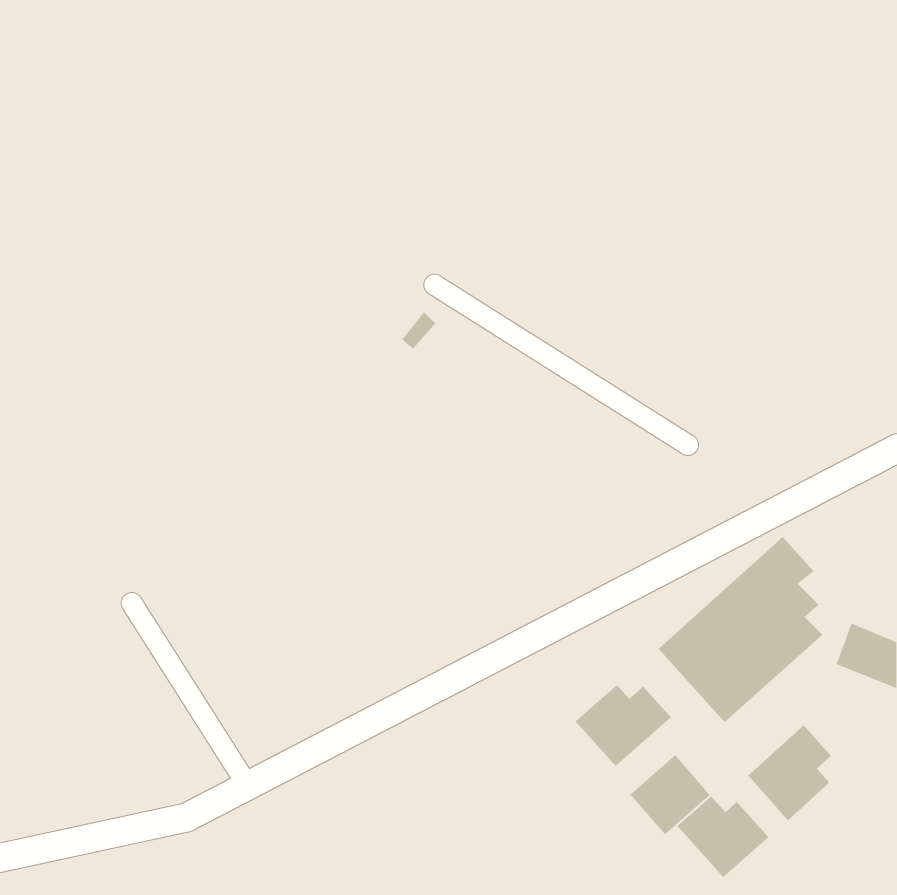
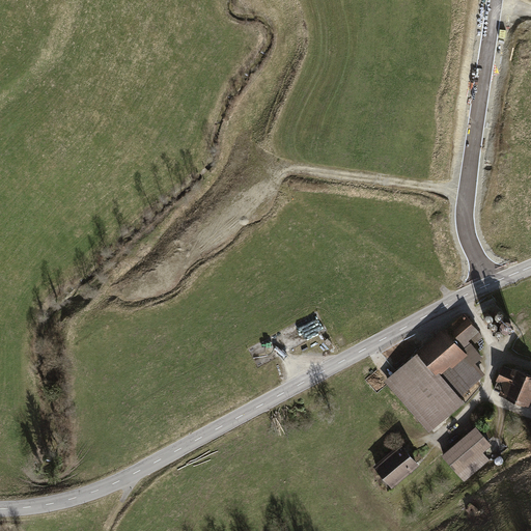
building: [574,684,672,767] -> none
building: [676,796,769,878] -> none

